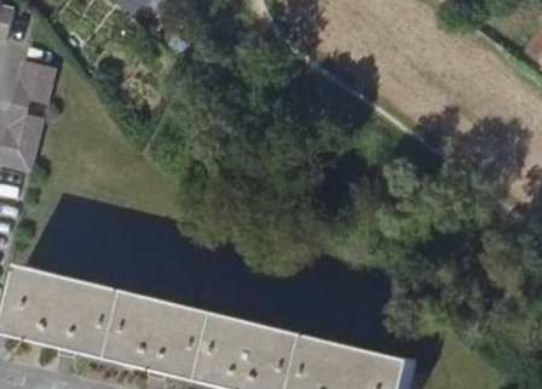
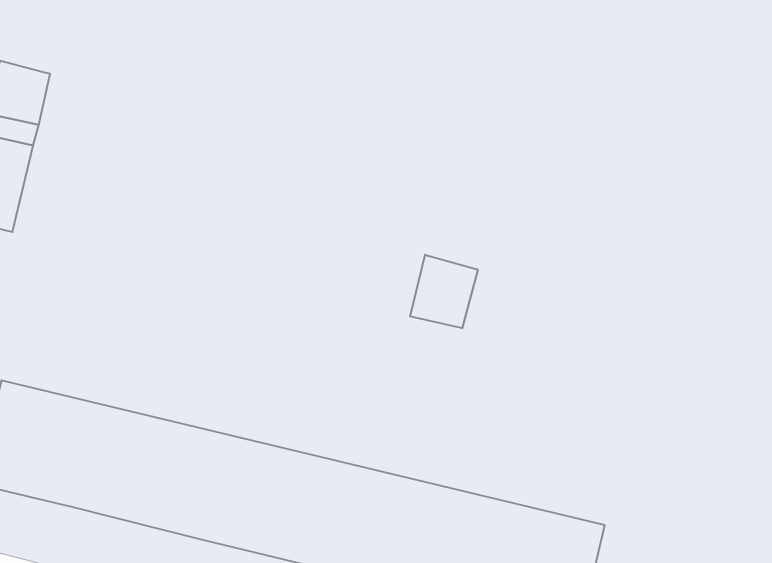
building: none -> [410,255,478,328]

